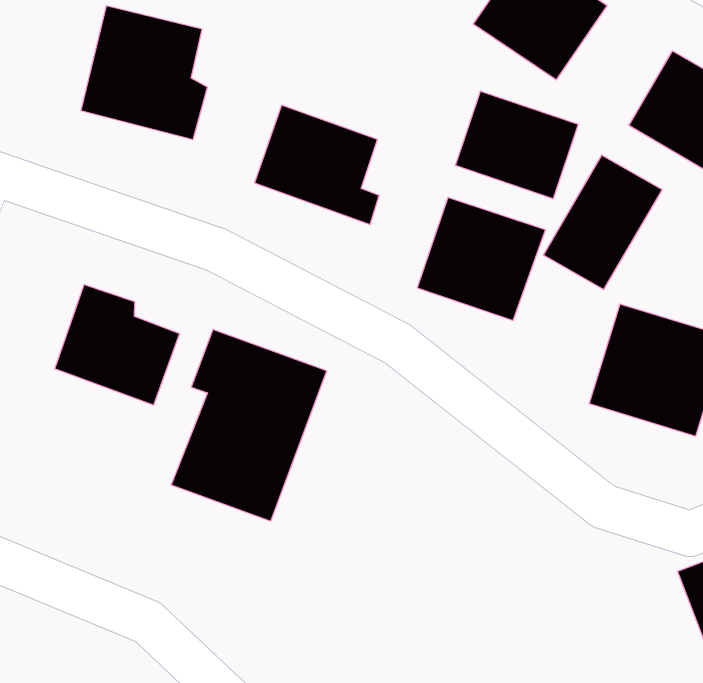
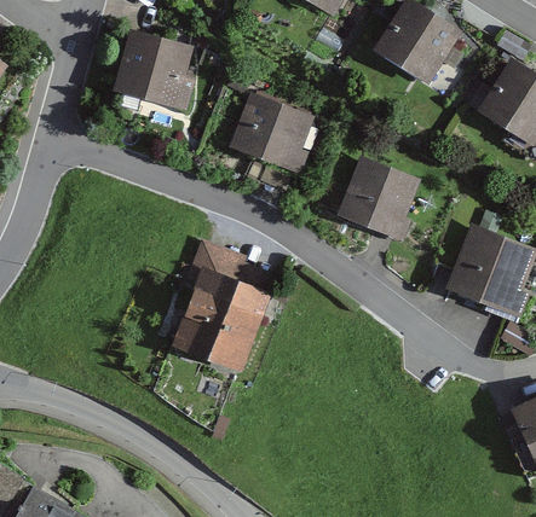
building: [455,91,578,199] -> none
building: [543,155,662,290] -> none
building: [55,284,180,405] -> none

